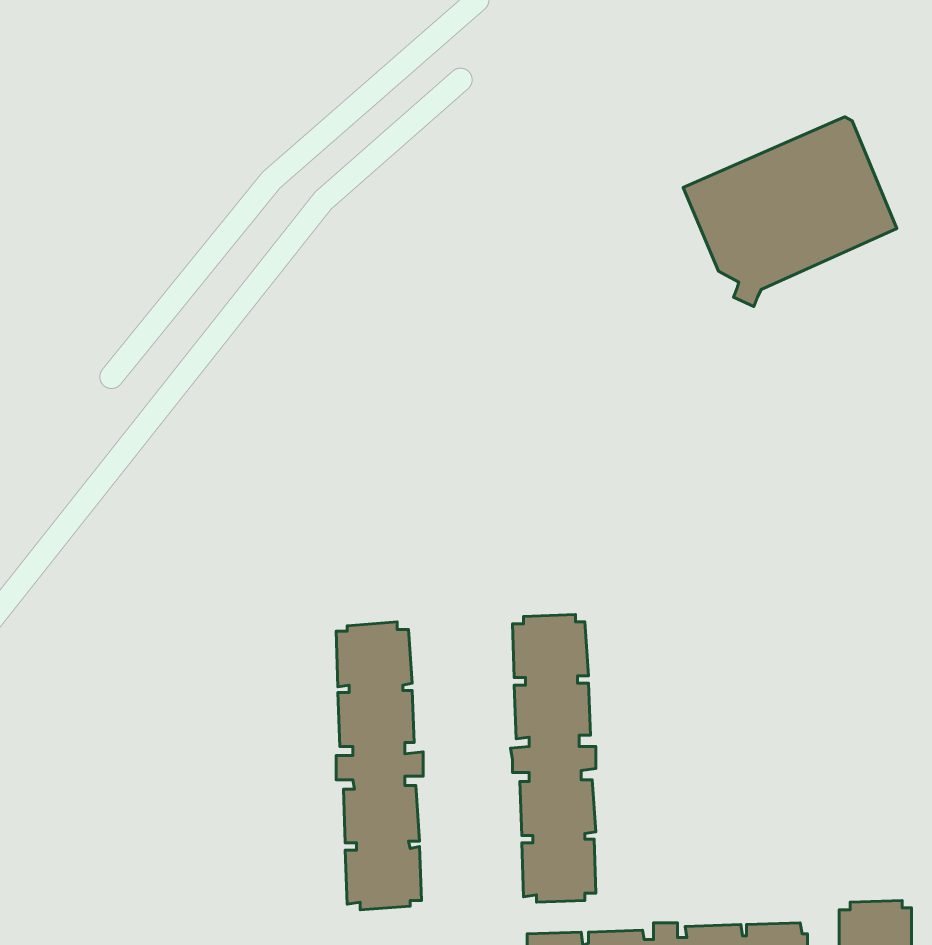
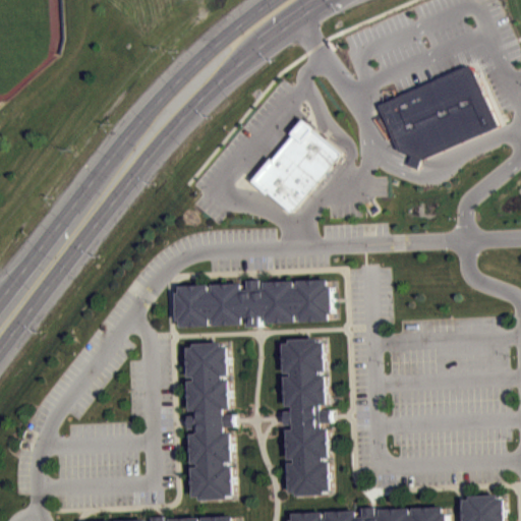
building: none -> [247,120,338,214]
building: none -> [172,281,329,328]

